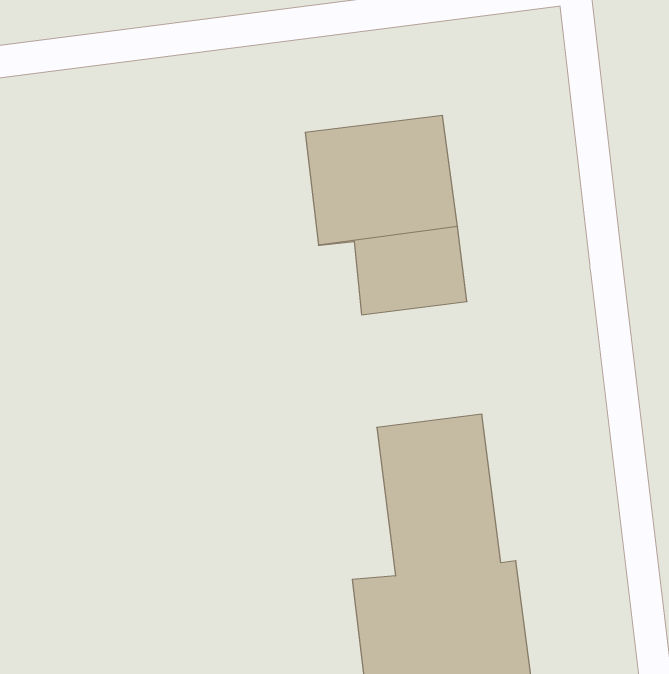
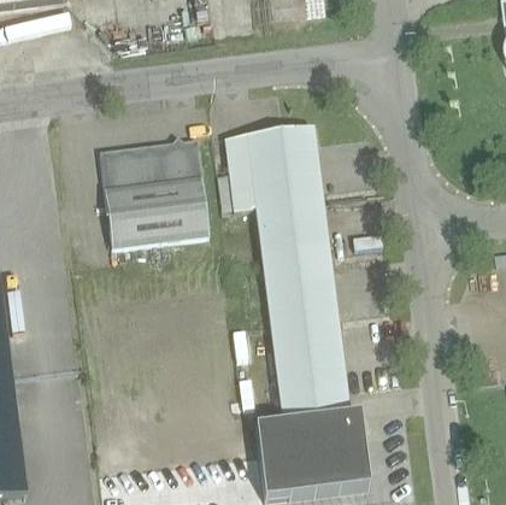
building: none -> [100,135,211,243]
building: none -> [259,245,336,325]

